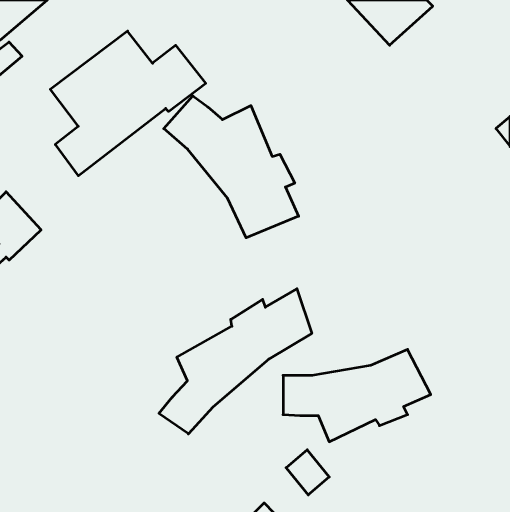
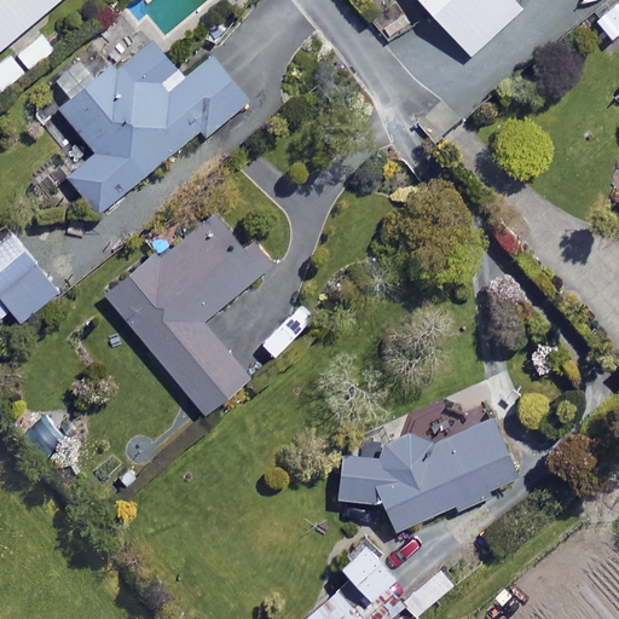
building: [164,96,299,238] -> none
building: none -> [108,214,262,413]
building: [159,289,312,434] -> none

